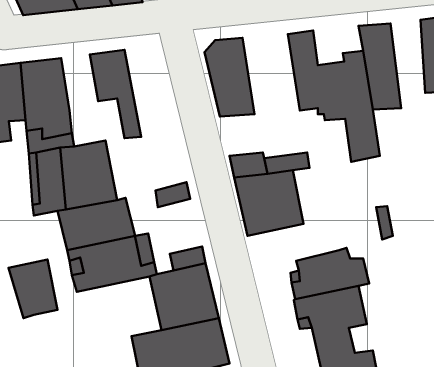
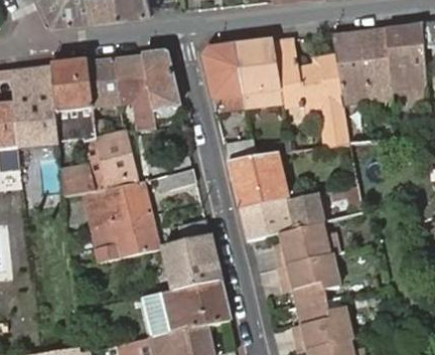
building: none -> [361,30,392,105]
building: none -> [237,42,285,110]
building: none -> [137,53,179,129]
building: none -> [84,59,115,107]
building: none -> [241,197,318,242]
building: [8,260,57,318] -> none

